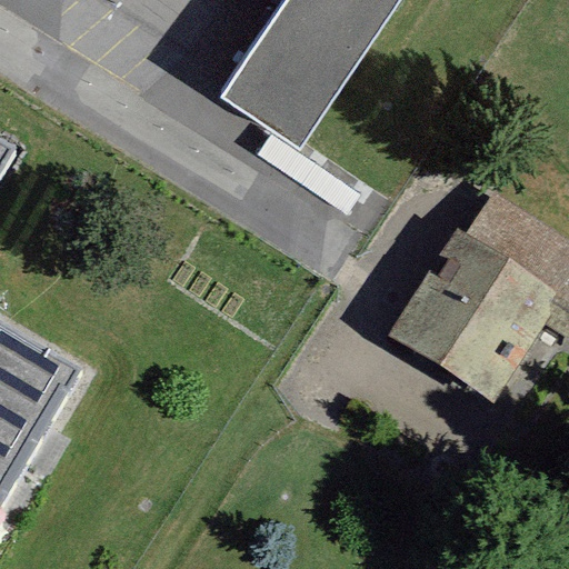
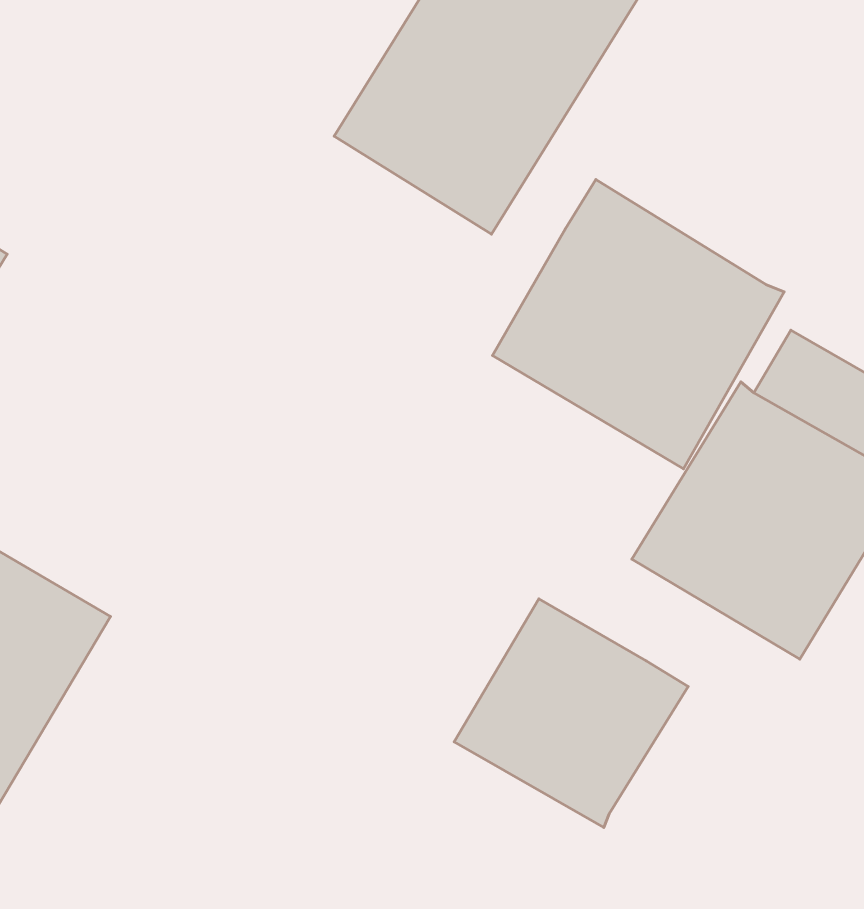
building: none -> [492,180,784,469]
building: none -> [454,599,688,827]

